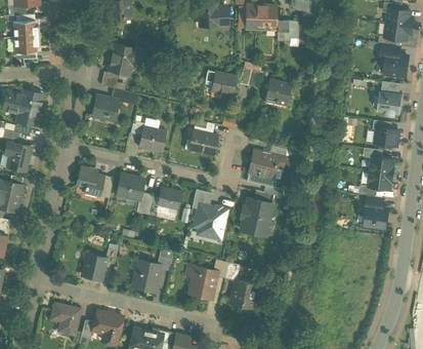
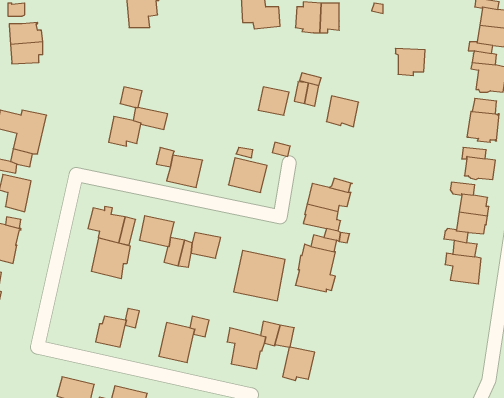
building: [276,20,299,41] -> [395,48,425,76]
building: [109,44,141,74] -> none
building: none -> [91,238,130,279]

